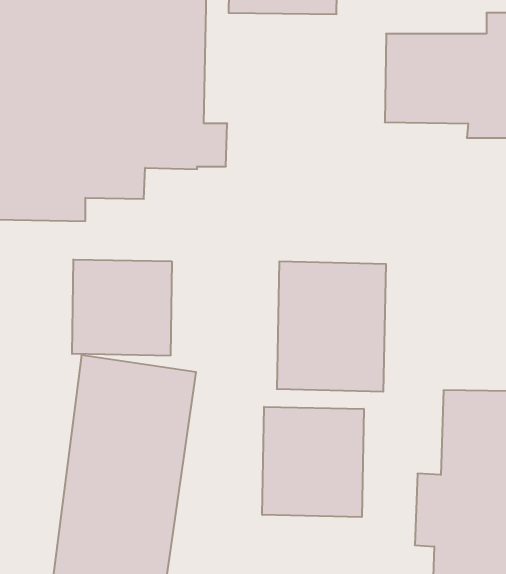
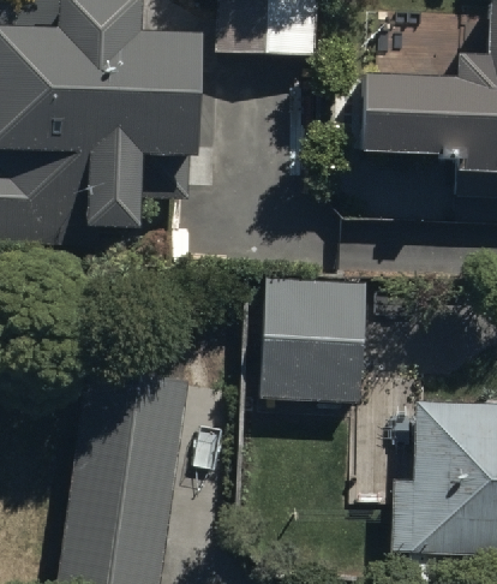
building: [72,259,172,356] -> none
building: [262,407,364,517] -> none

